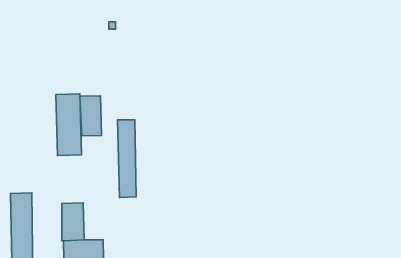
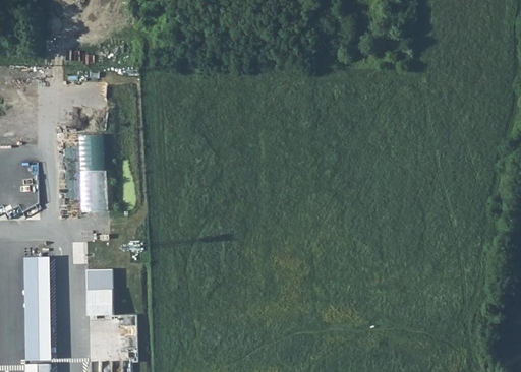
building: [80,96,102,136] -> none
building: [117,120,136,198] -> none

